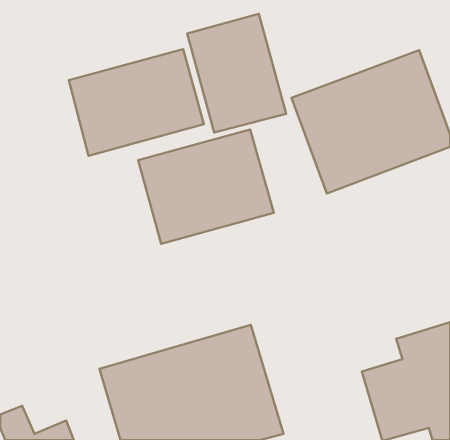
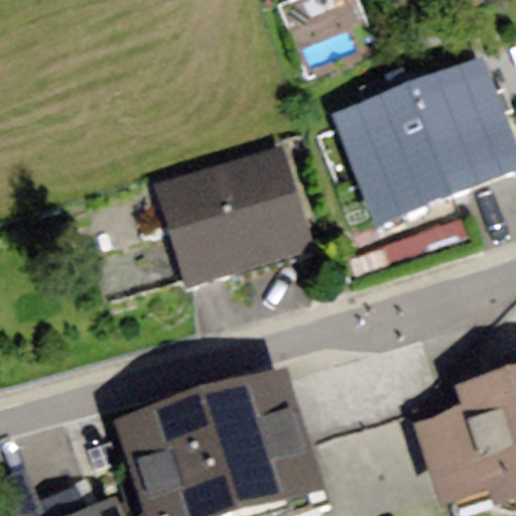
building: [187,14,286,133] -> none
building: [69,49,204,156] -> none

